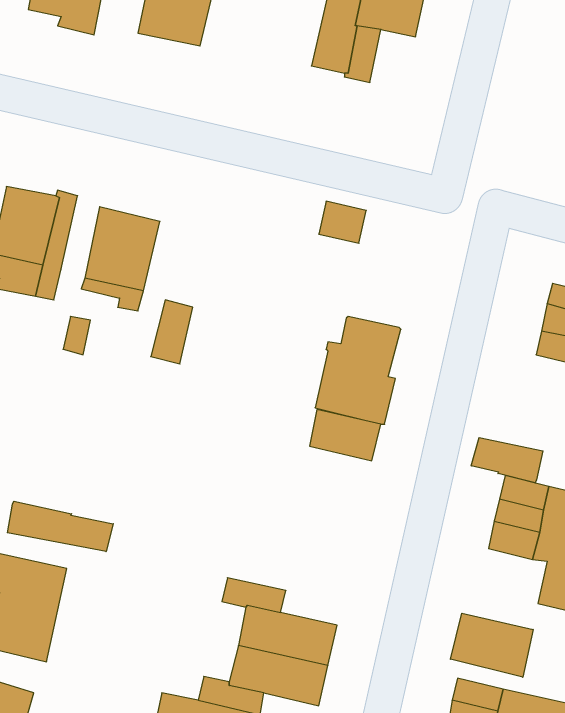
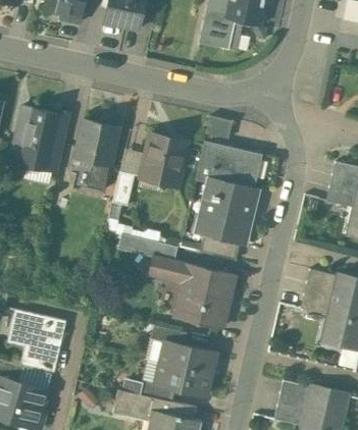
building: none -> [140,132,186,184]
building: none -> [196,144,257,185]
building: none -> [117,233,232,327]
building: [471,438,543,483] -> none
building: [7,501,113,552] -> none
building: [450,613,533,677] -> none

